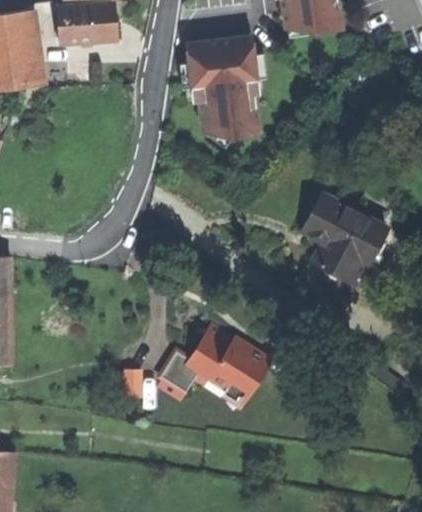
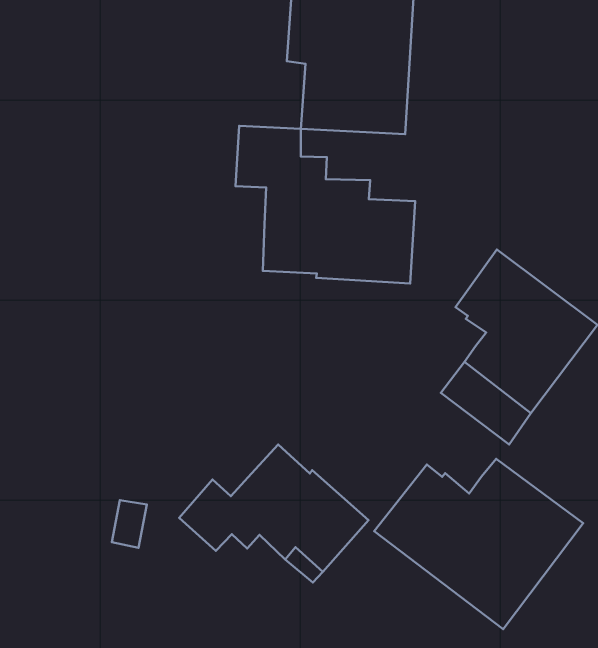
building: none -> [235,126,415,283]
building: none -> [374,459,583,629]

